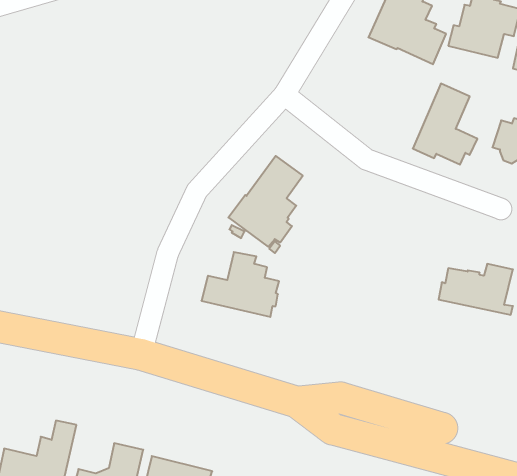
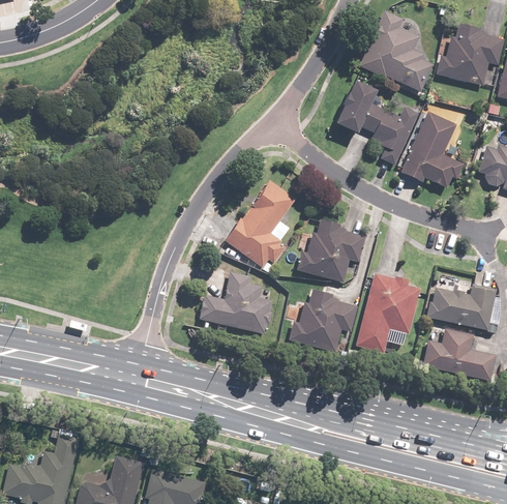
building: none -> [333,82,419,166]
building: none -> [296,219,366,283]
building: none -> [355,273,421,353]
building: none -> [289,290,358,353]
building: none -> [422,328,497,381]

